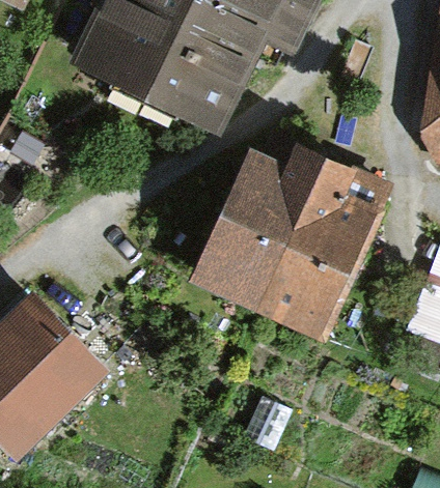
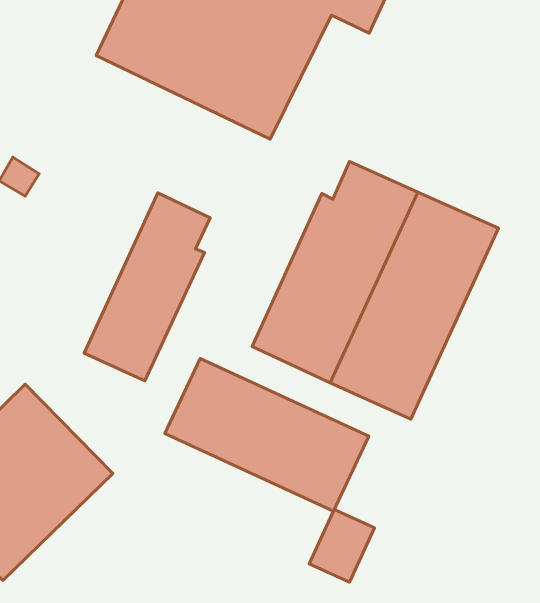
building: none -> [84,193,210,381]
building: none -> [165,358,369,511]

